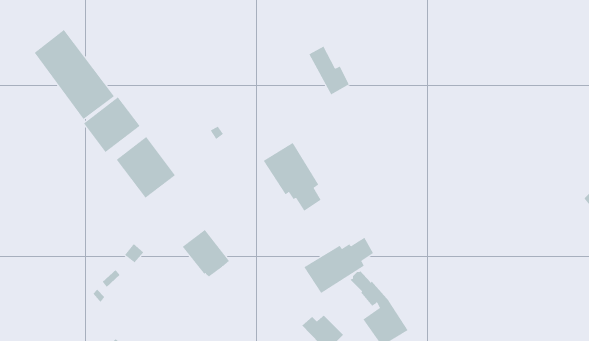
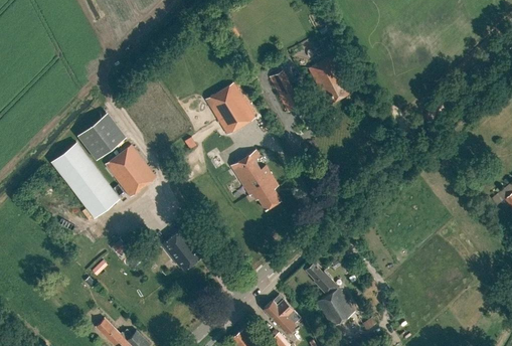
building: [34,29,115,120] -> [50,141,120,218]
building: none -> [308,58,351,107]
building: none -> [205,84,254,137]
building: [304,237,374,294] -> none

